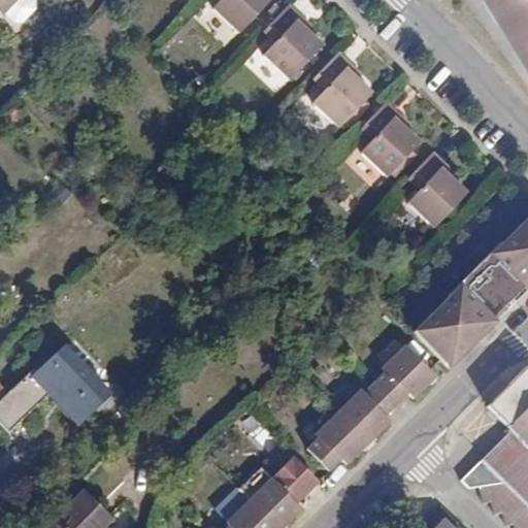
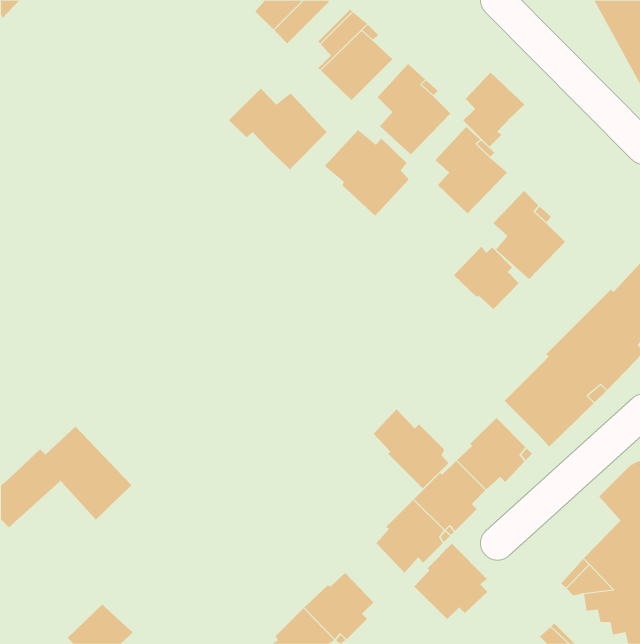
building: none -> [463,72,525,147]
building: none -> [228,88,328,170]
building: none -> [324,129,410,217]
building: none -> [453,246,520,310]
building: none -> [373,409,449,489]
building: none -> [414,543,488,620]

